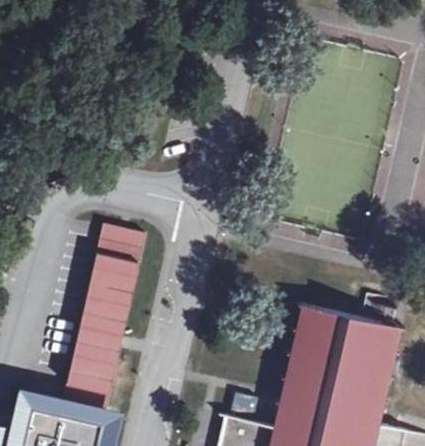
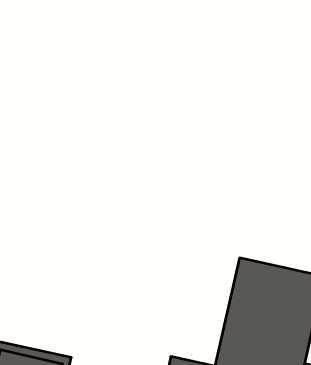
building: [63,224,145,410] -> none

